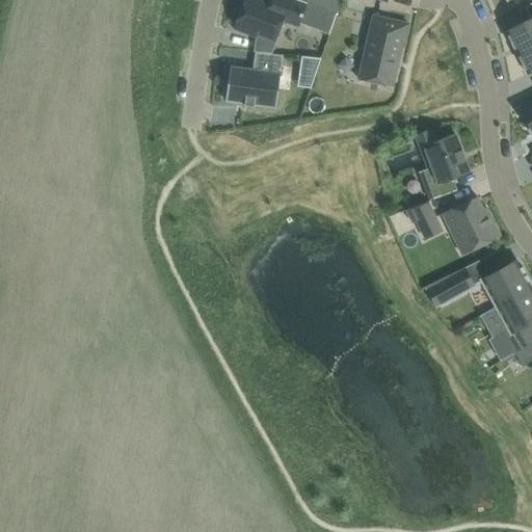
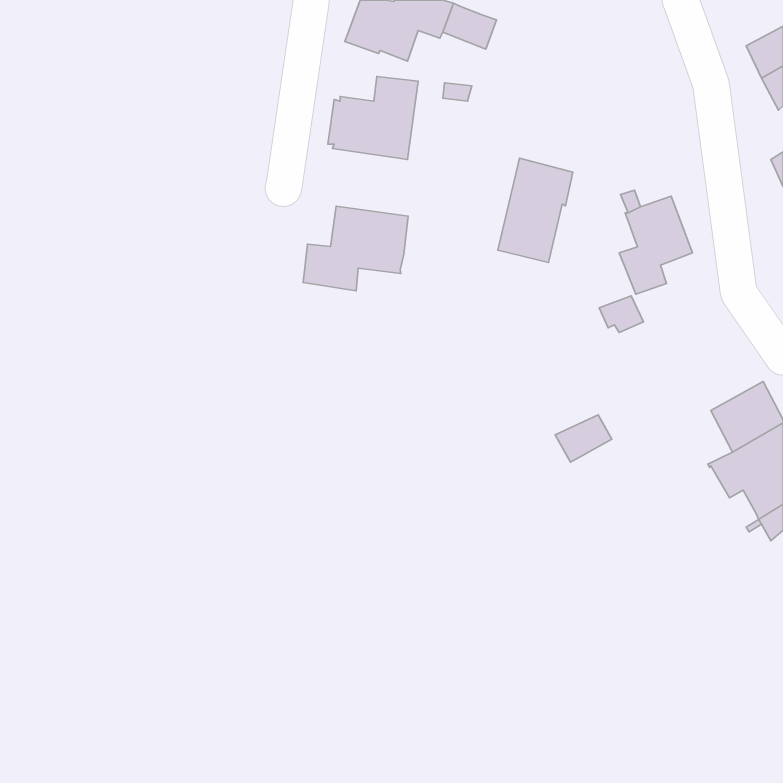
building: [358,16,409,86] -> [498,158,573,263]
building: none -> [303,206,408,291]
building: [443,195,501,252] -> none
building: [436,267,475,299] -> [555,415,612,462]

